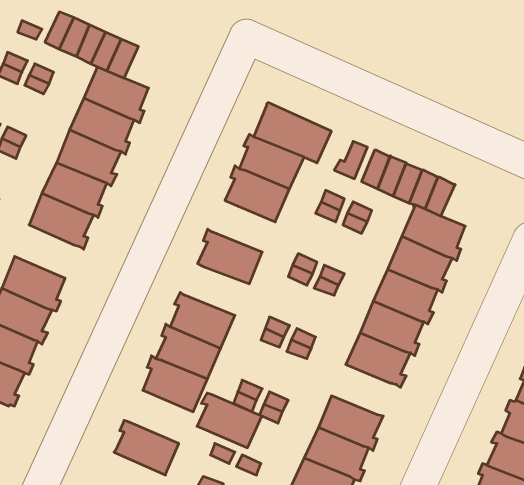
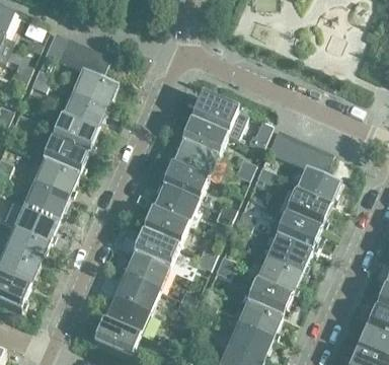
building: none -> [163,158,208,196]
building: none -> [24,176,70,216]
building: none -> [144,203,189,240]
building: none -> [247,275,293,313]
building: [197,393,262,448] -> [104,292,150,331]

